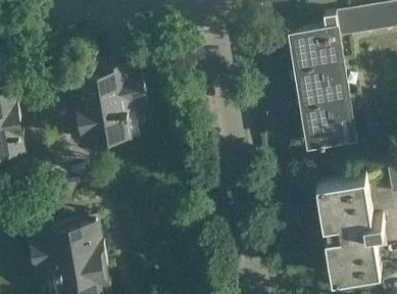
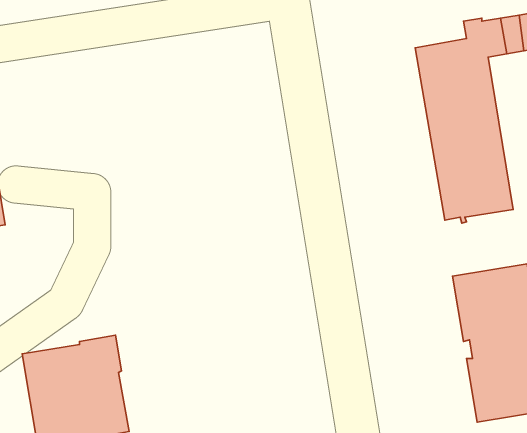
building: [75,68,144,140] -> none

